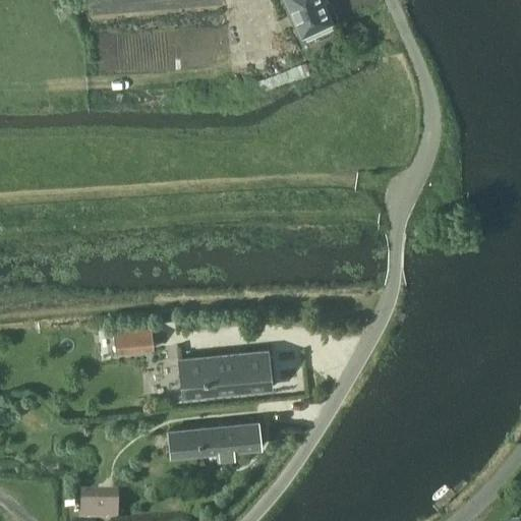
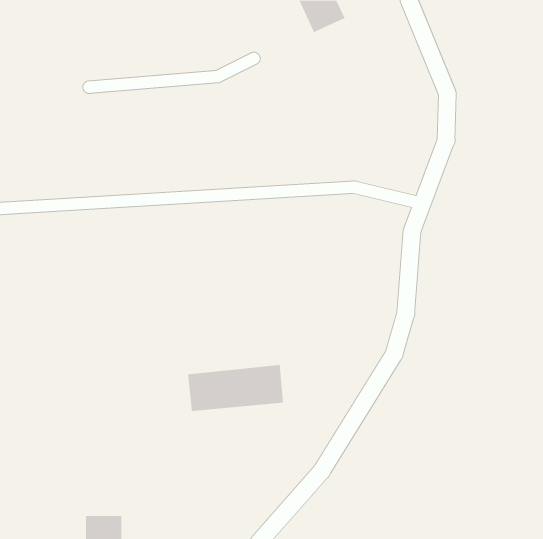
building: [113,330,154,356] -> none
building: [169,423,260,461] -> none

